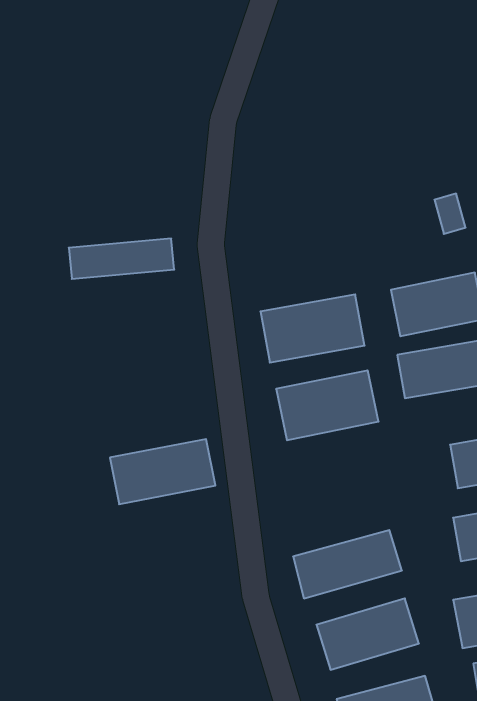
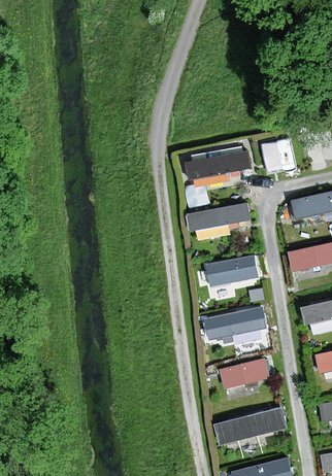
building: none -> [257,134,295,171]
building: [69,239,174,279] -> [178,146,248,173]
building: [110,439,215,504] -> [200,305,270,348]

